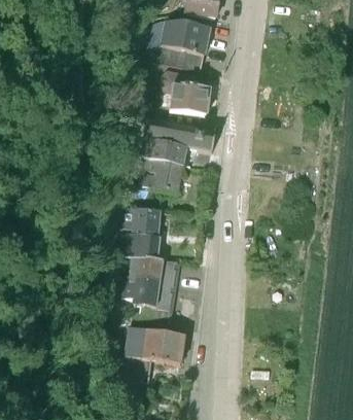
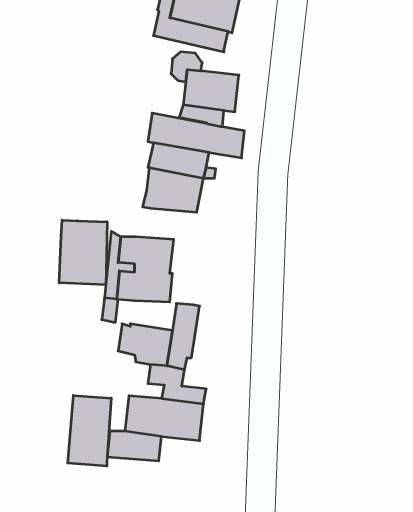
building: none -> [59,220,107,285]
building: [129,257,164,280] -> none
building: none -> [68,395,111,466]

